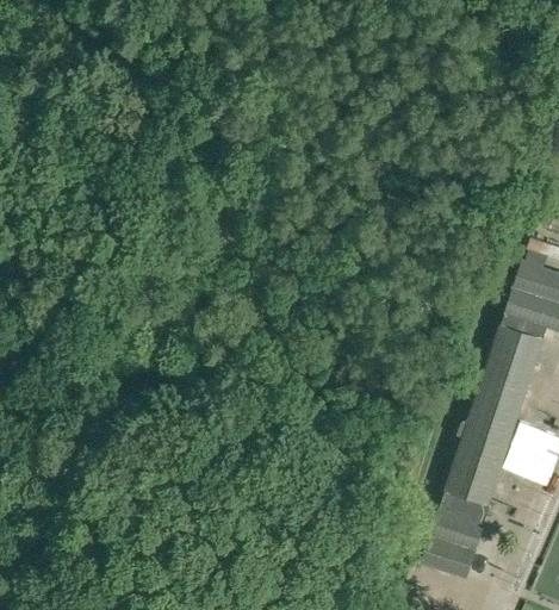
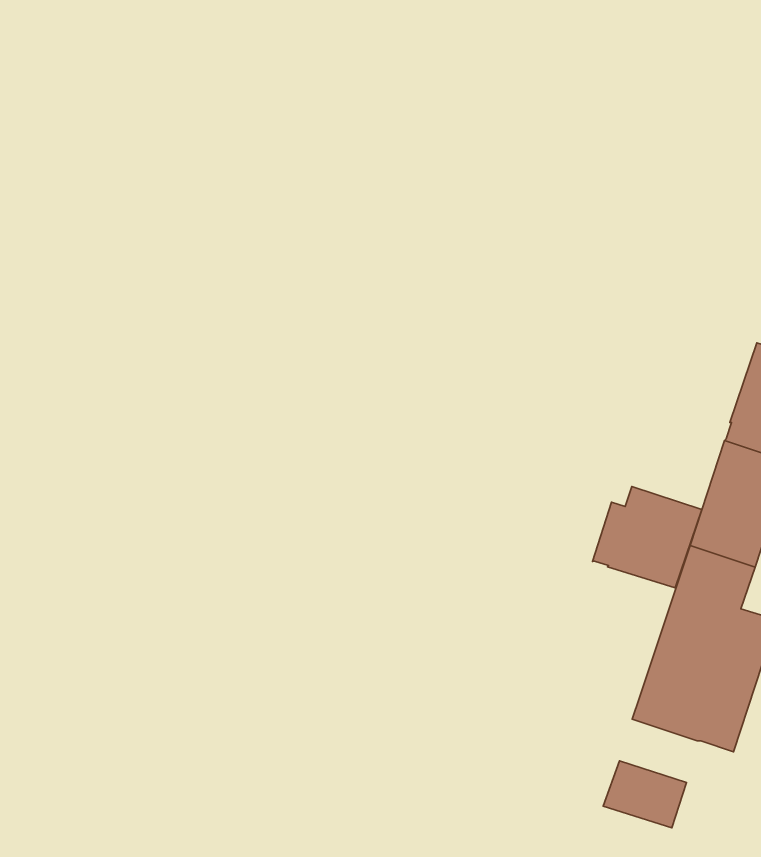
building: none -> [592,487,702,588]
building: [433,502,486,543] -> none

